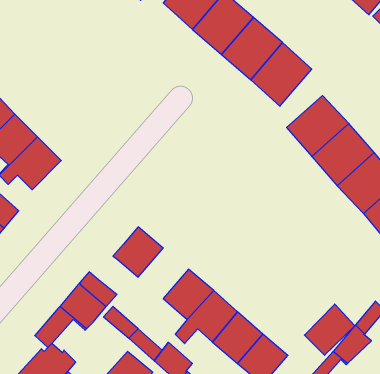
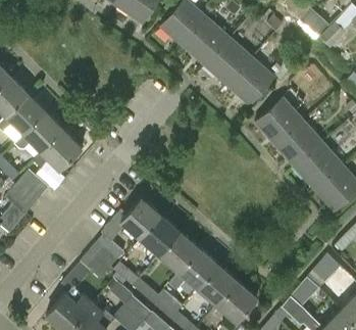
building: none -> [141,217,180,255]
building: [304,304,355,355] -> none

